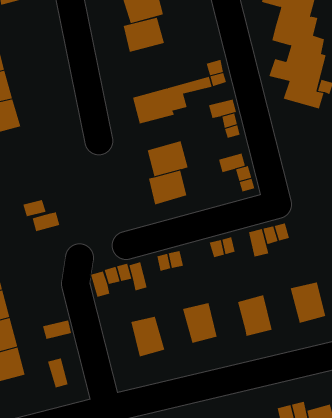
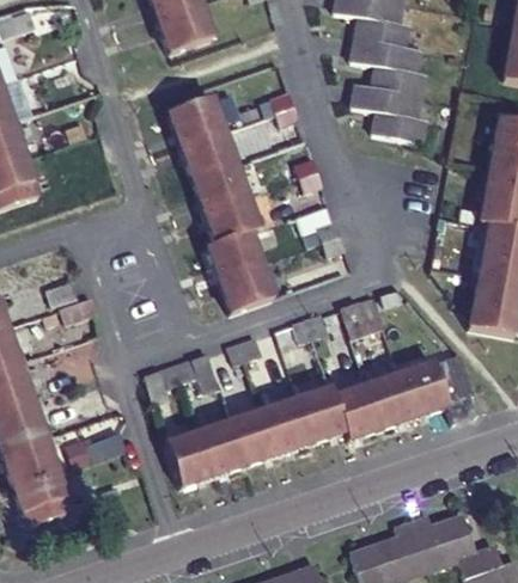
building: [123,17,165,53] -> [170,97,225,145]
building: none -> [193,162,248,210]
building: none -> [220,264,273,312]
building: none -> [368,372,416,426]
building: none -> [299,386,347,441]
building: none -> [232,409,281,462]
building: none -> [167,430,215,486]

